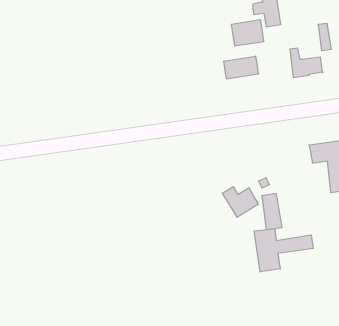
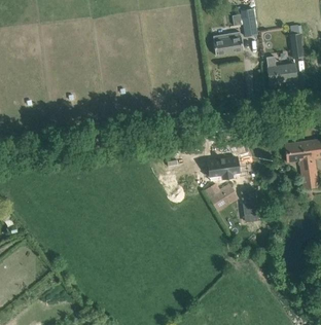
building: [224,56,258,79] -> none
building: none -> [208,156,244,182]
building: [254,229,313,272] -> none

